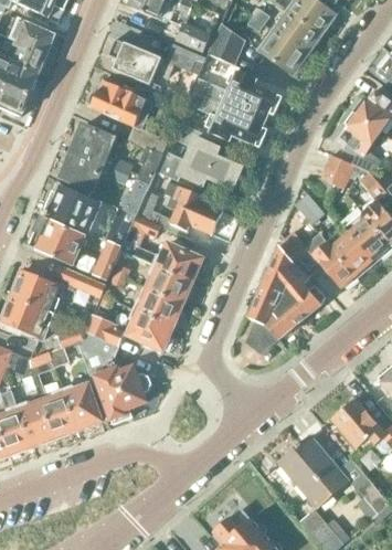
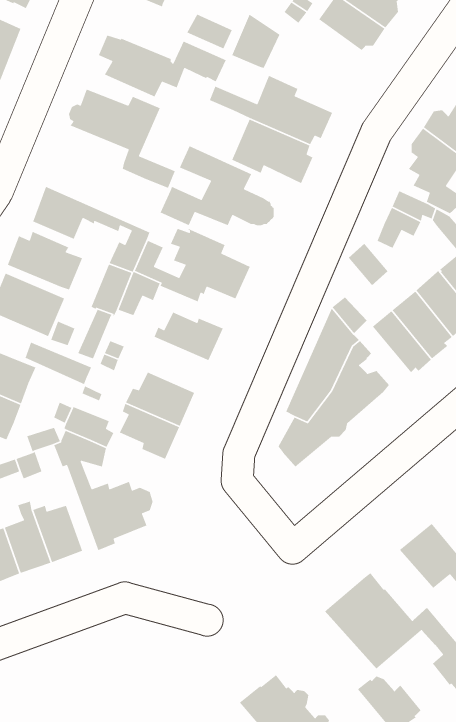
building: [257,28,305,73] -> none
building: [72,125,163,184] -> none
building: [146,262,192,303] -> none

